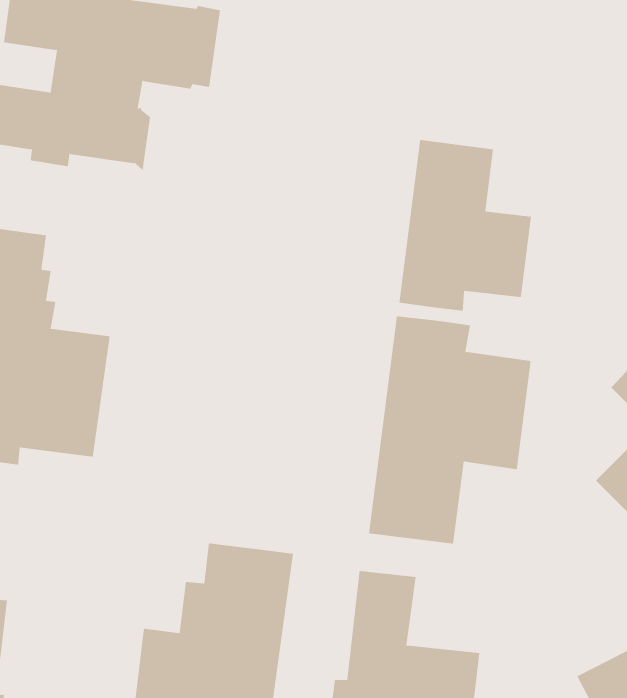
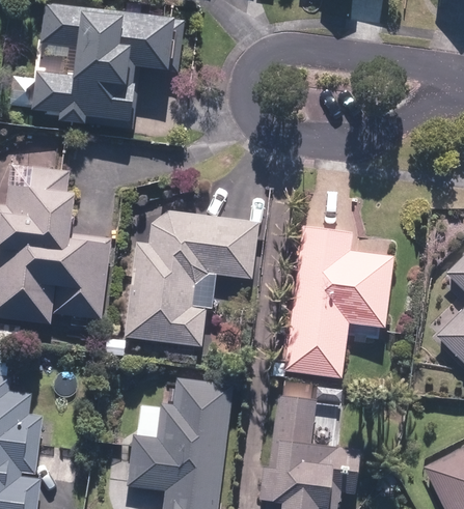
building: [399,139,532,312] -> none
building: none -> [124,210,258,347]

